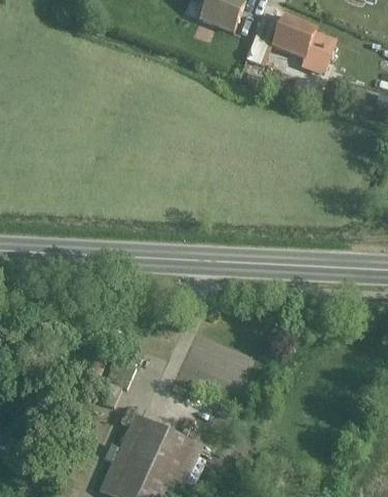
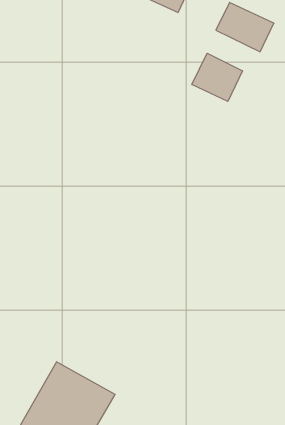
building: none -> [192,53,242,101]

